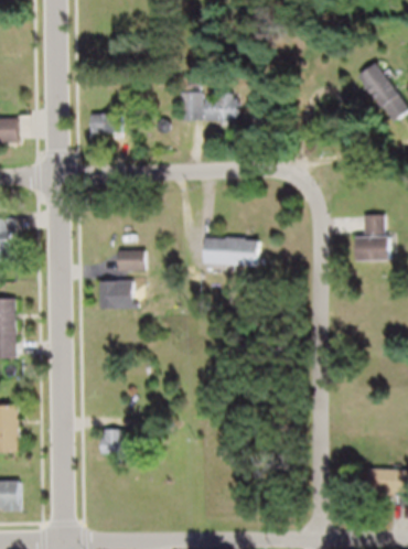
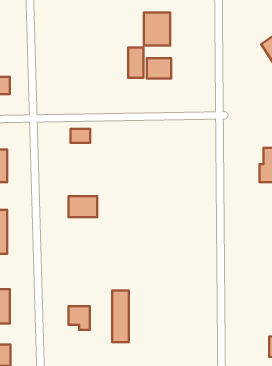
building: none -> [144,13,170,45]
building: [88,114,118,139] -> none
building: [203,237,260,266] -> none
building: [116,251,142,270] -> [71,129,90,143]
building: none -> [112,291,129,342]

